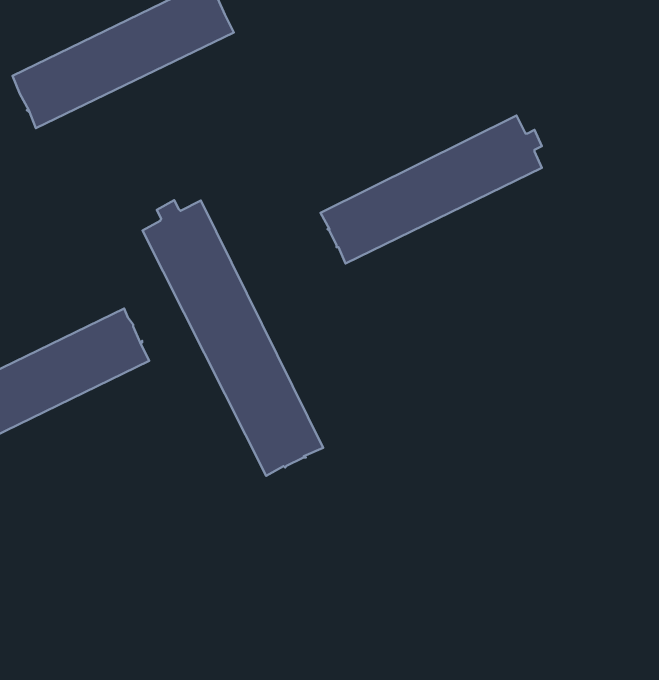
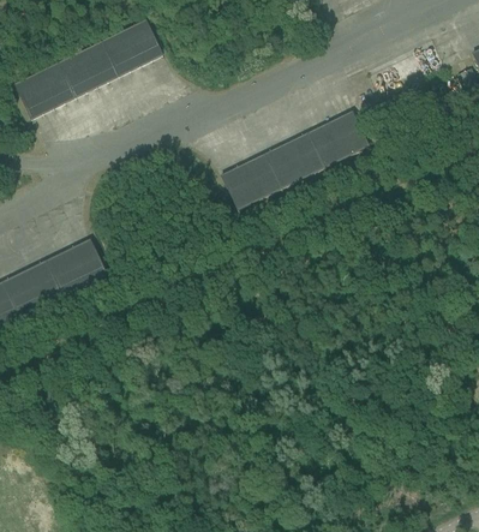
building: [143,200,323,476] -> none

